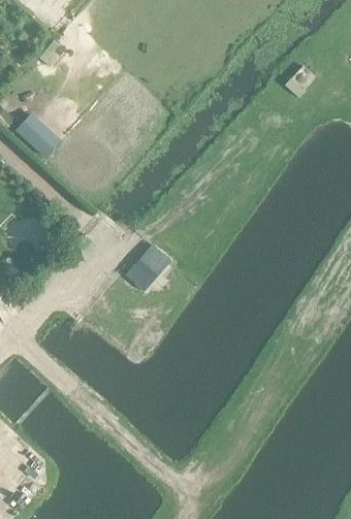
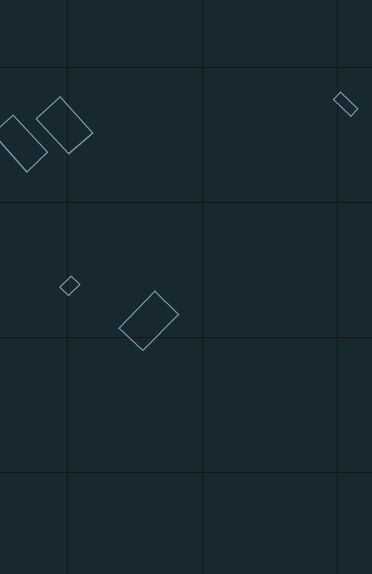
building: none -> [36,97,93,154]

